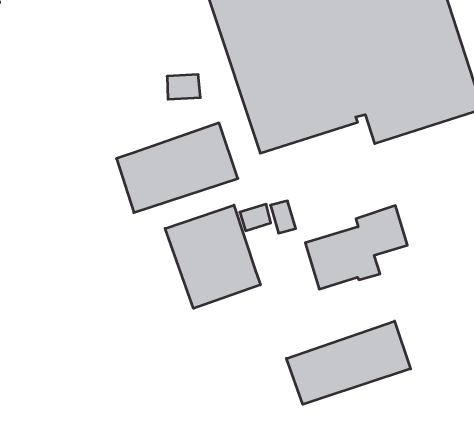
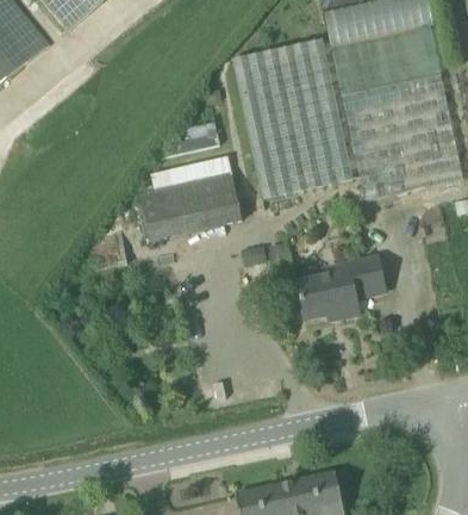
building: [165,205,260,308] -> none
building: [286,321,411,404] -> none

